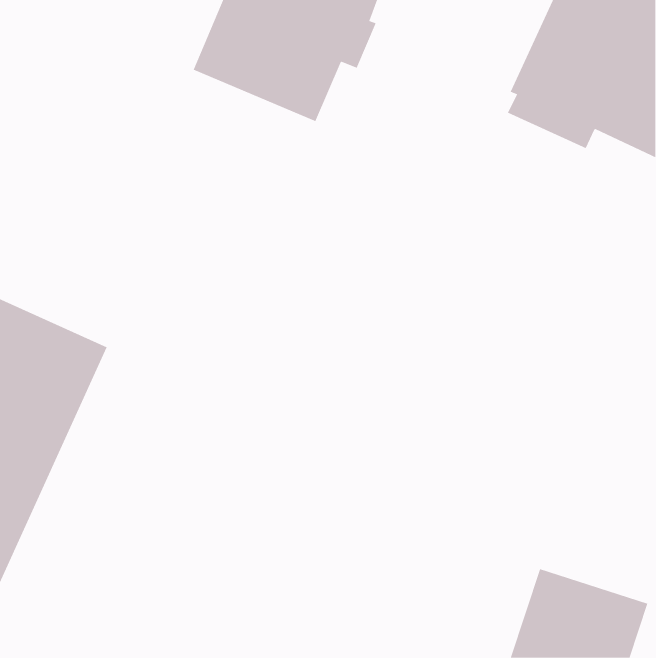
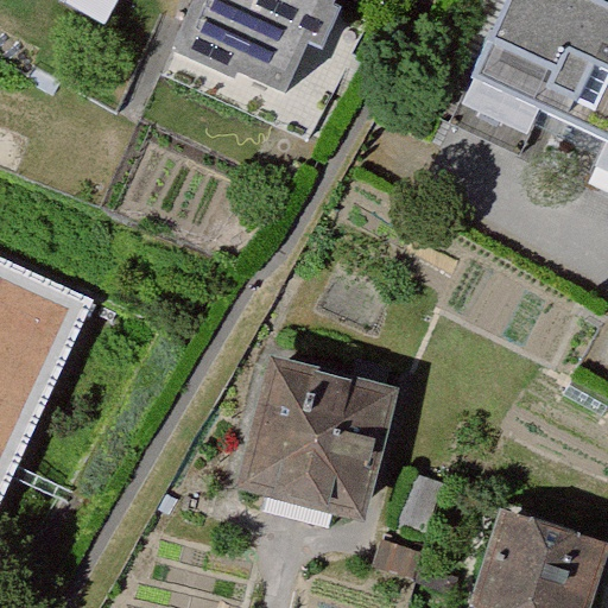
building: none -> [236,353,395,512]

